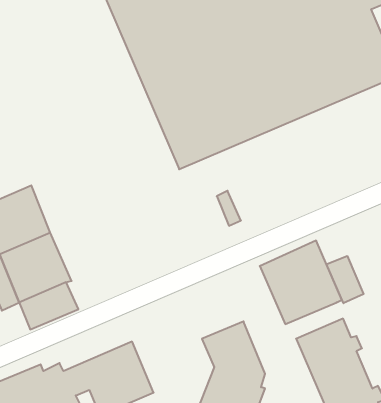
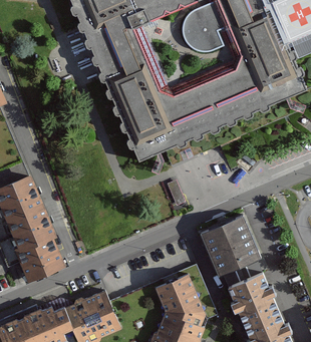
building: [326,256,364,303] -> none

